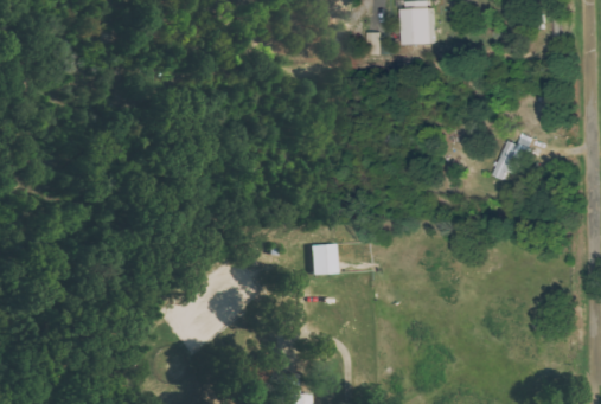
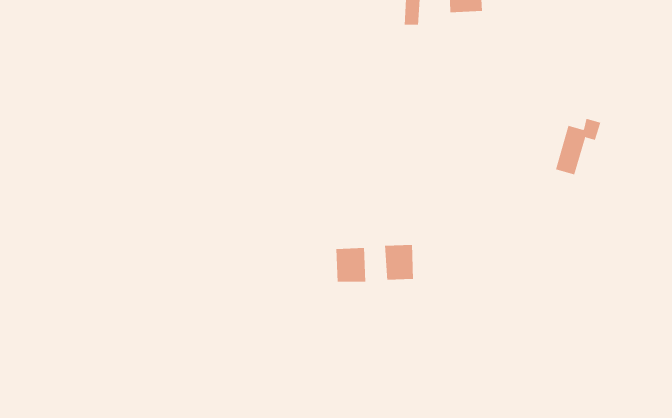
building: none -> [384,244,414,280]

